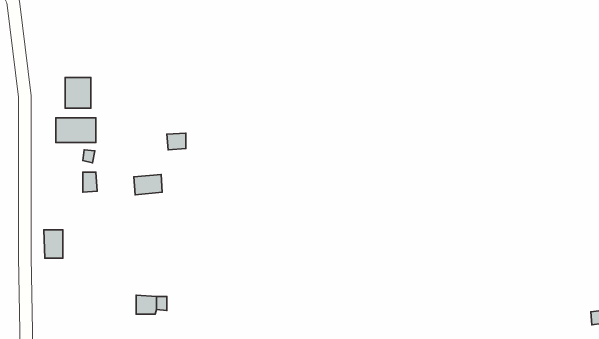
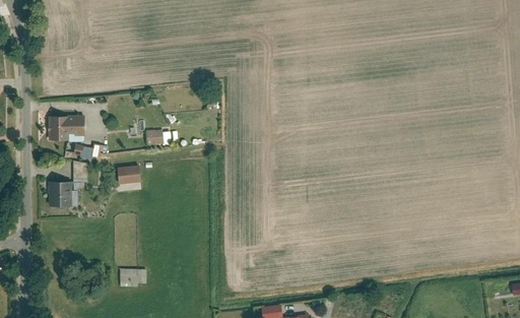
building: [65,78,91,108] -> none
building: [44,230,63,258] -> [55,183,71,207]

